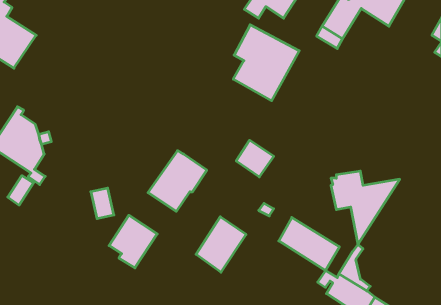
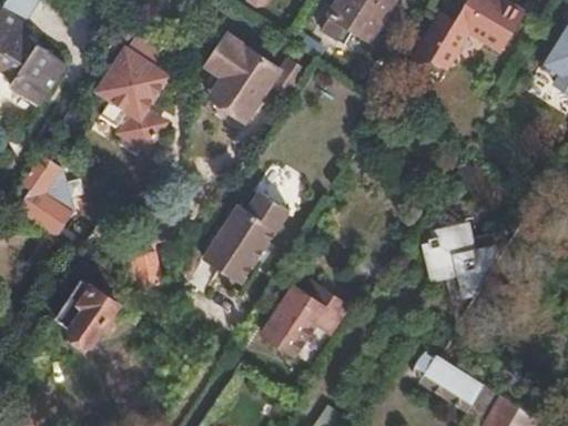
building: none -> [97,34,166,150]
building: [233,25,299,101] -> [211,30,293,124]
building: [236,140,274,177] -> [246,184,293,230]
building: [109,215,157,268] -> [57,281,116,346]
building: [279,217,339,270] -> none

